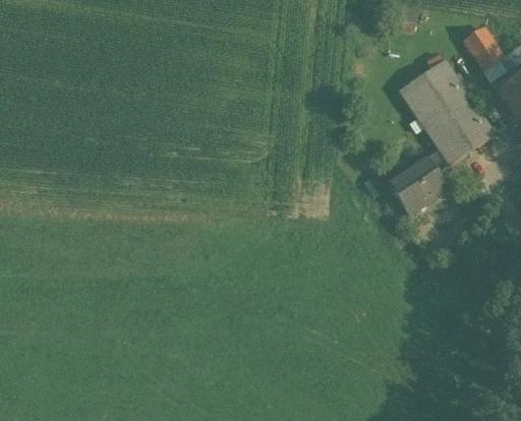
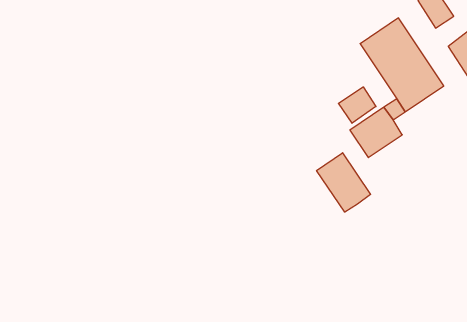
building: none -> [338,87,376,123]
building: none -> [317,153,371,212]

